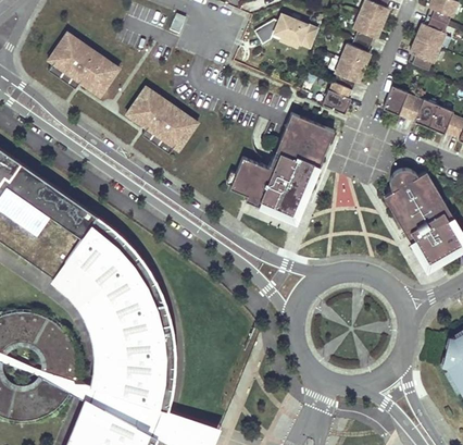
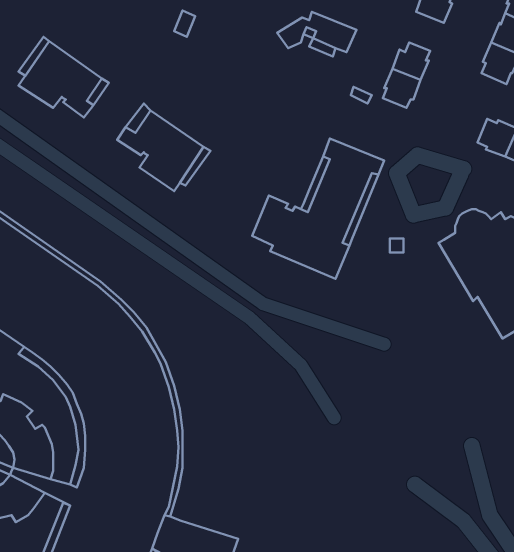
building: [352,14,380,45] -> none
building: [321,82,351,114] -> none
building: [383,86,414,116] -> none

